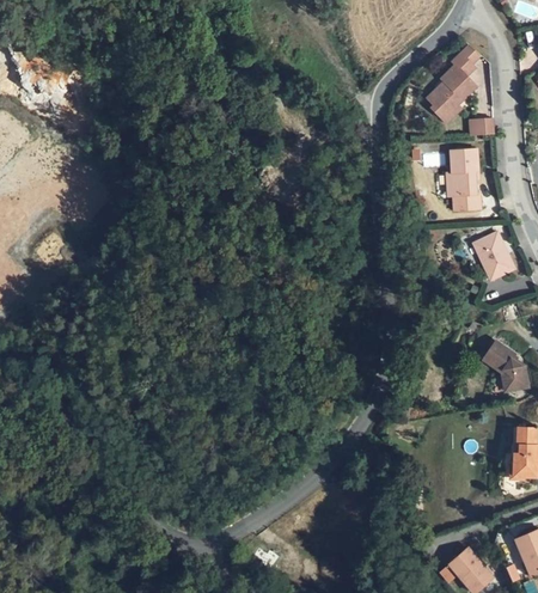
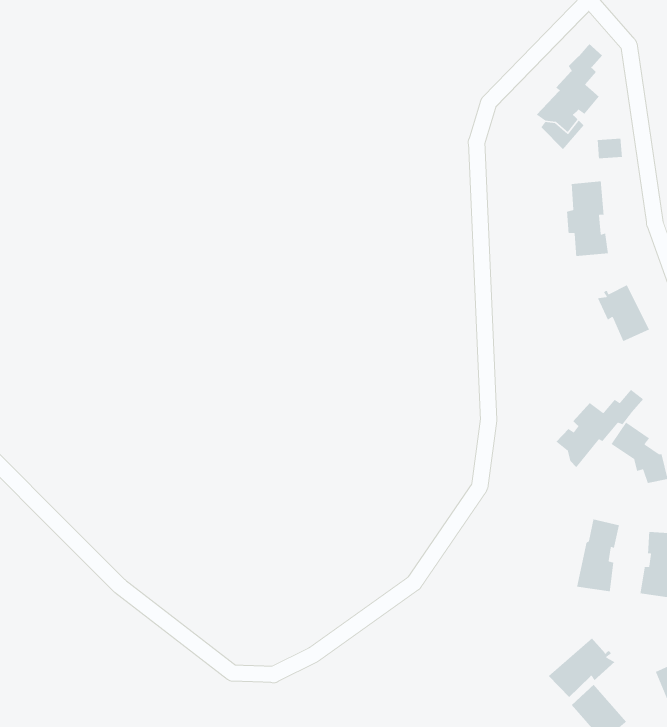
building: none -> [556,389,644,468]
building: none -> [576,518,620,592]
building: none -> [548,637,615,698]

